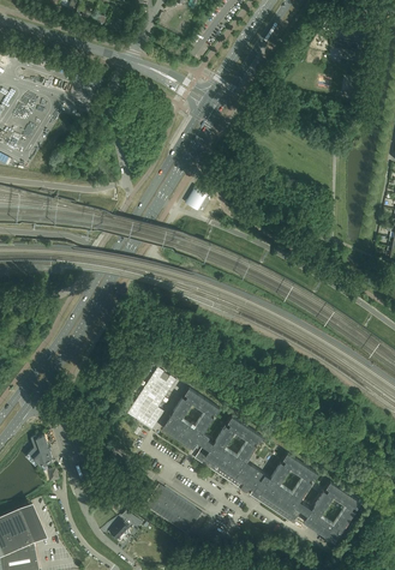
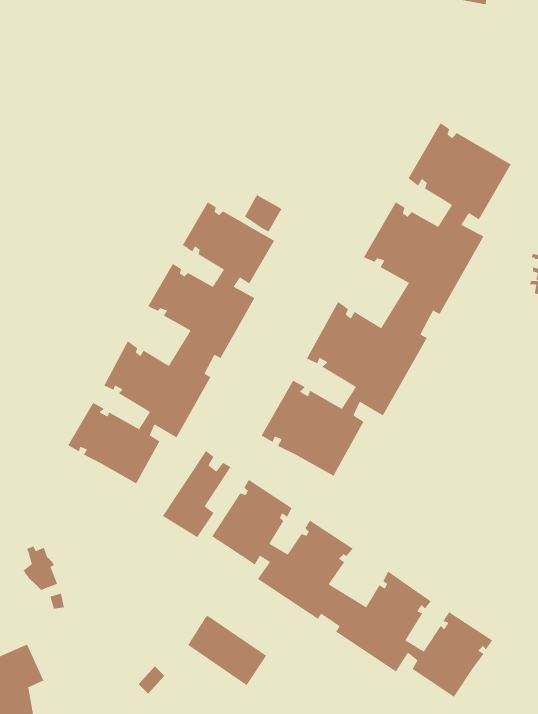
building: none -> [260,122,512,477]
building: none -> [67,201,275,484]

